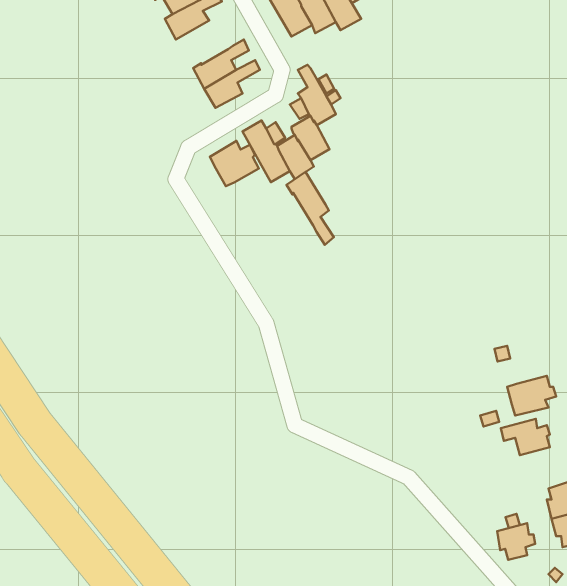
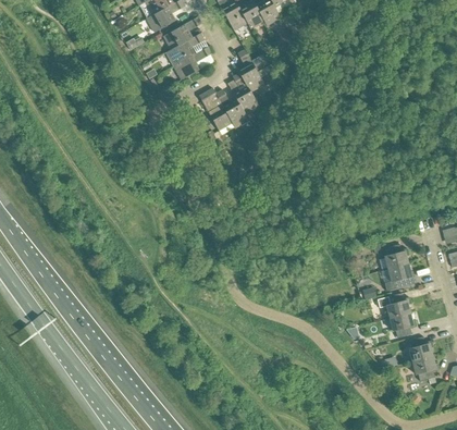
building: none -> [163,16,201,50]
building: [210,141,259,186] -> none
building: [287,172,334,245] -> none
building: none -> [379,244,408,269]
building: [497,523,535,560] -> [390,312,416,337]

